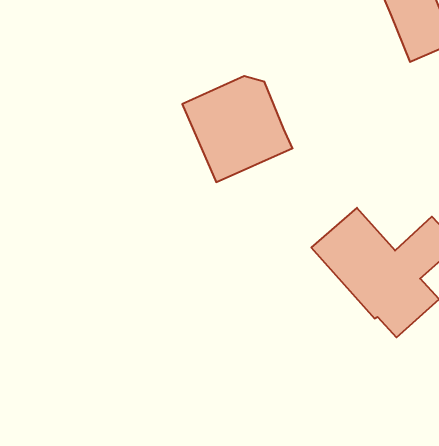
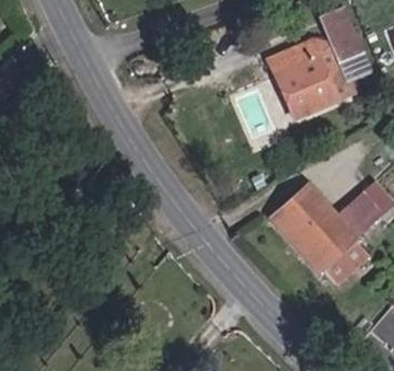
building: [182,76,293,182] -> [269,39,351,118]

